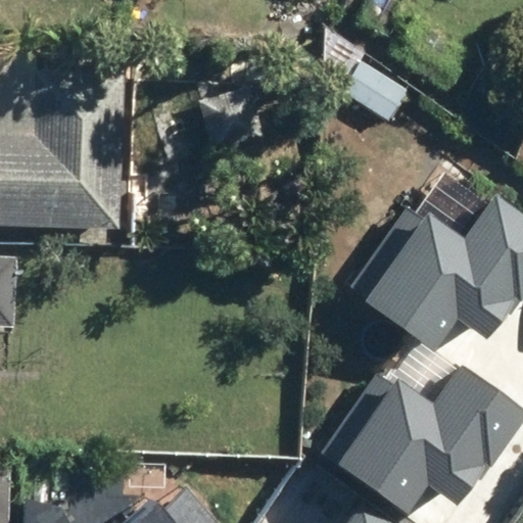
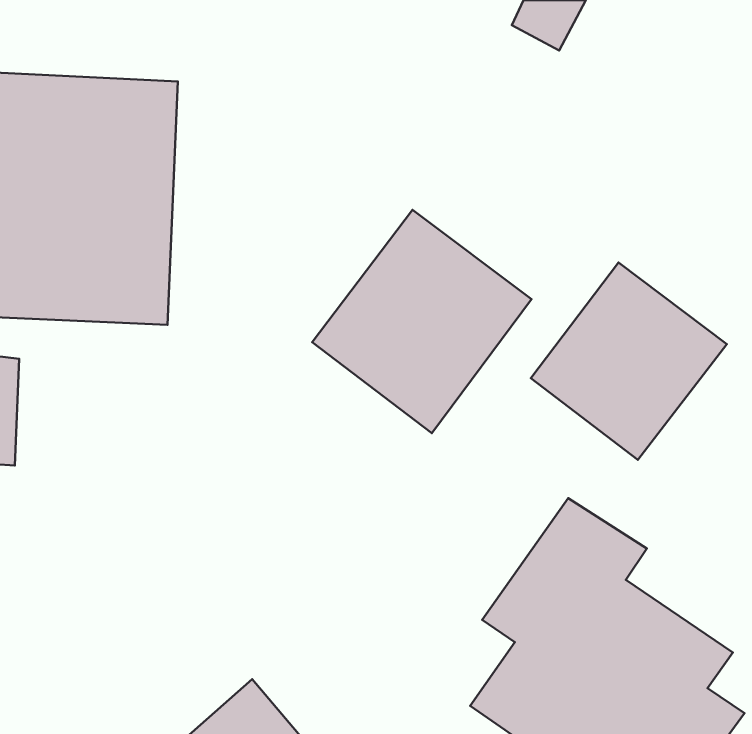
building: none -> [312,210,532,433]

